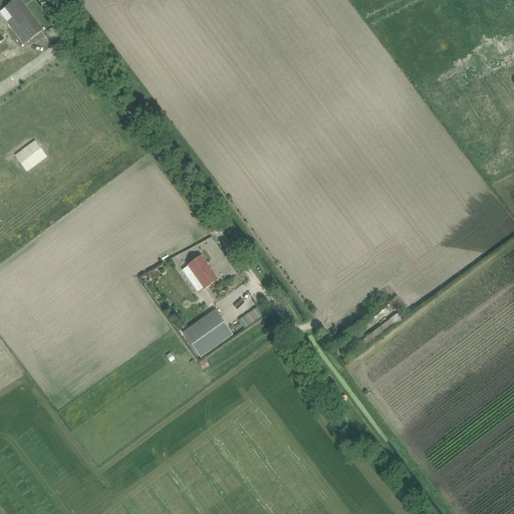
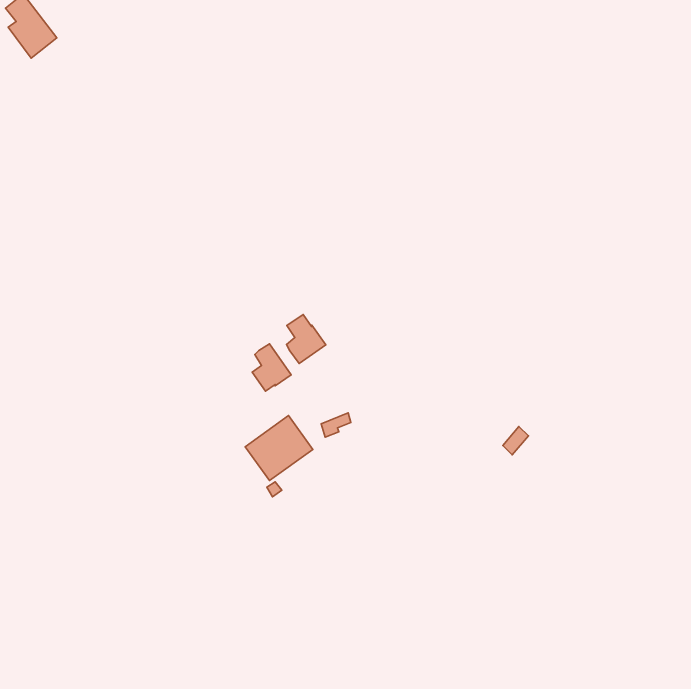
building: none -> [286,315,326,363]

